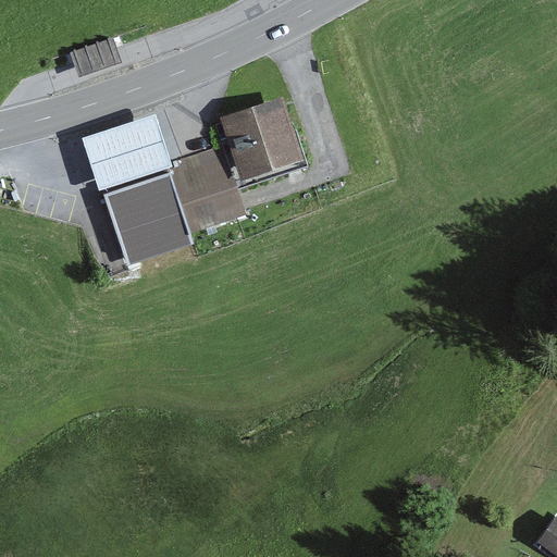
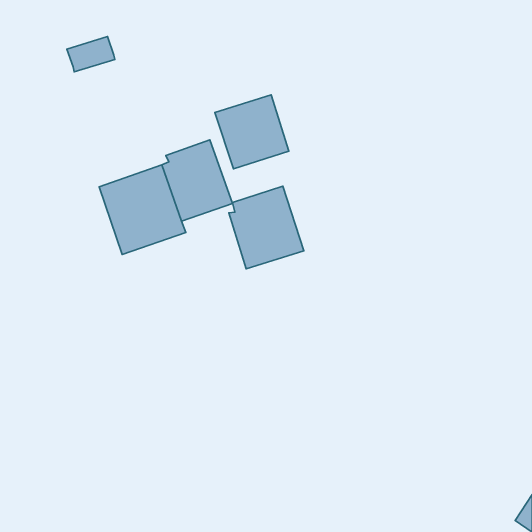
building: [85,116,170,186] -> none
building: none -> [229,186,304,269]

